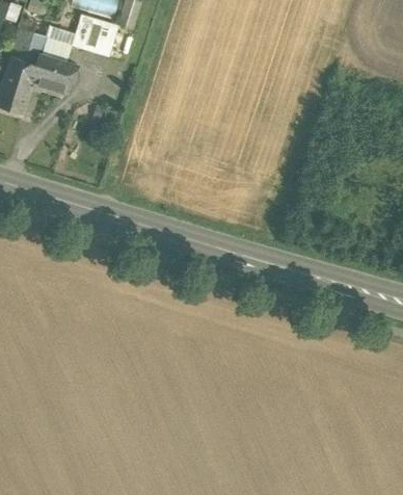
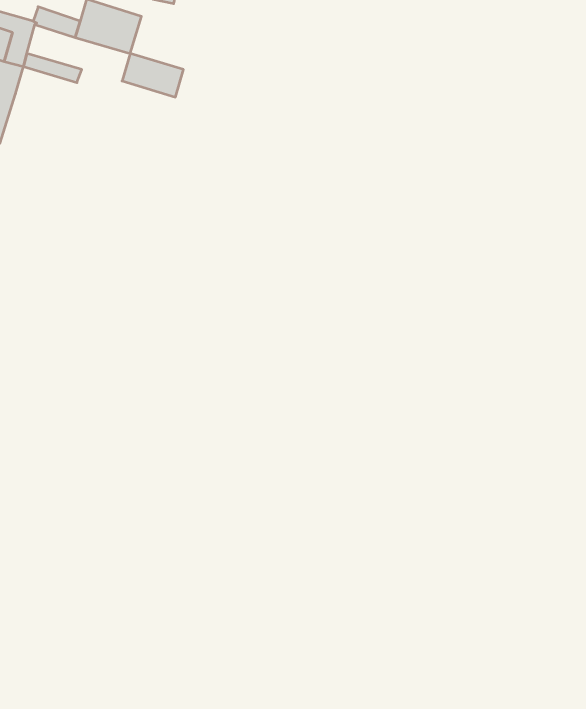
building: [33,63,73,92] -> [122,54,183,97]

